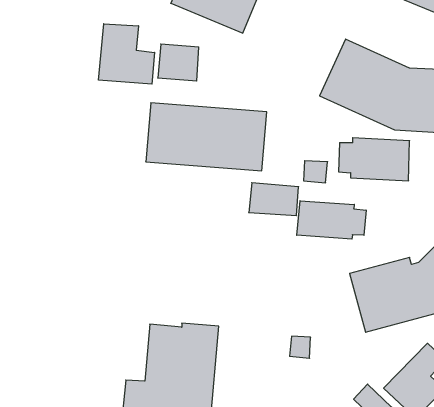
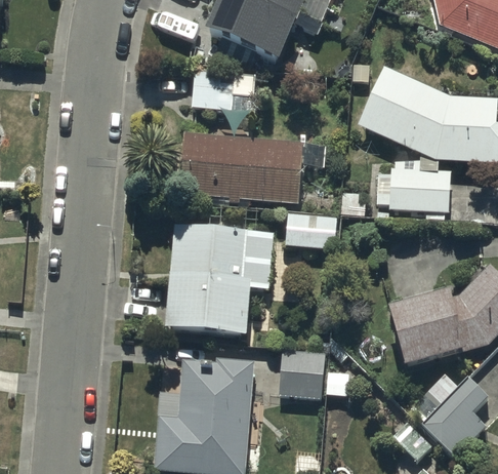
building: [99,24,155,84] -> none
building: none -> [166,224,273,334]
building: [297,201,366,239] -> none
building: none -> [279,349,325,397]

